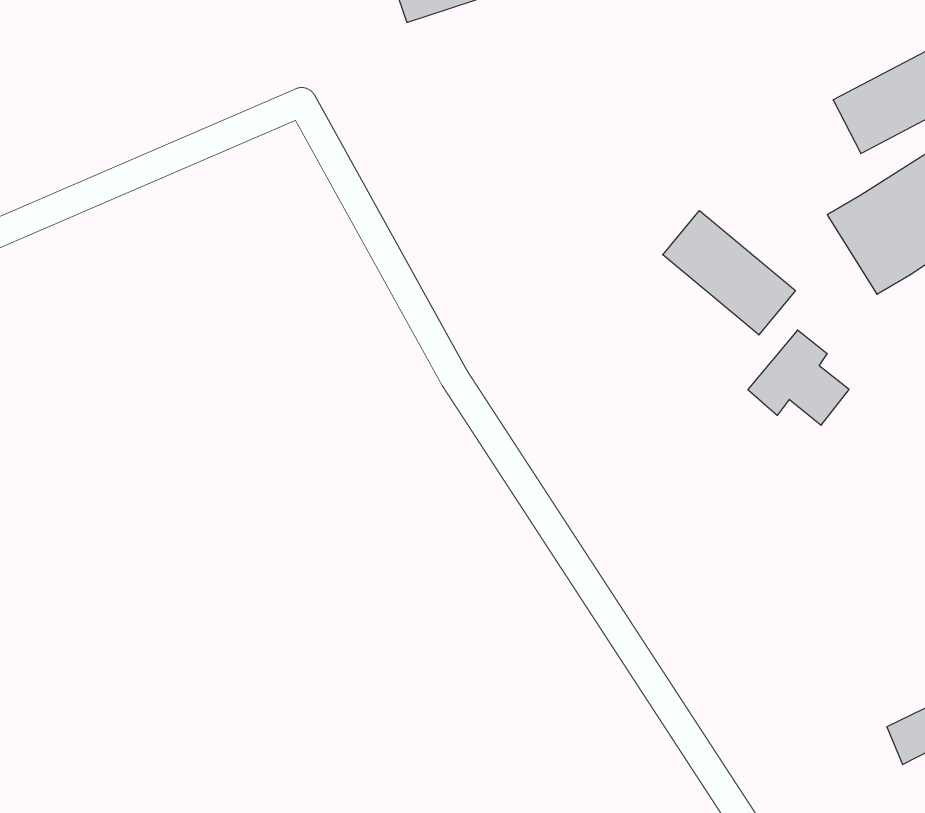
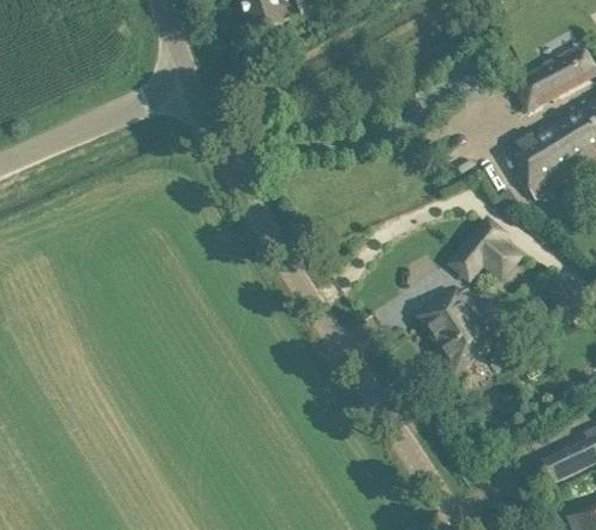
building: [663,211,795,335] -> none
building: none -> [421,290,500,371]

